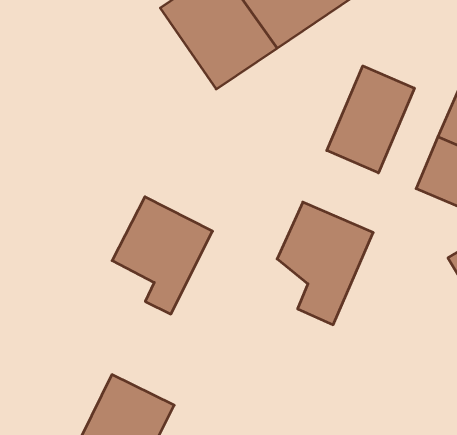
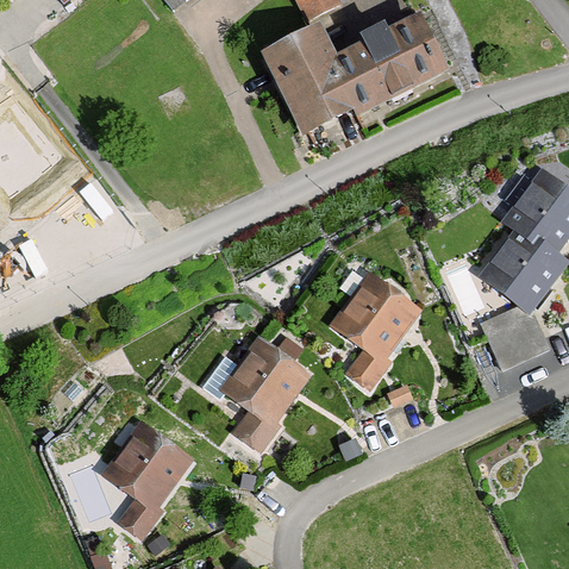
building: [327,66,414,173] -> none
building: [112,197,213,314] -> [208,330,314,452]

